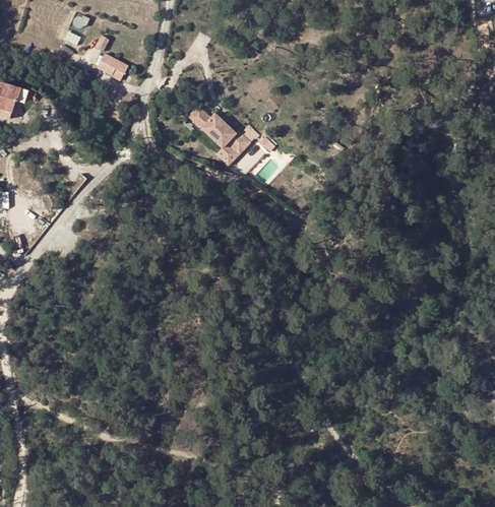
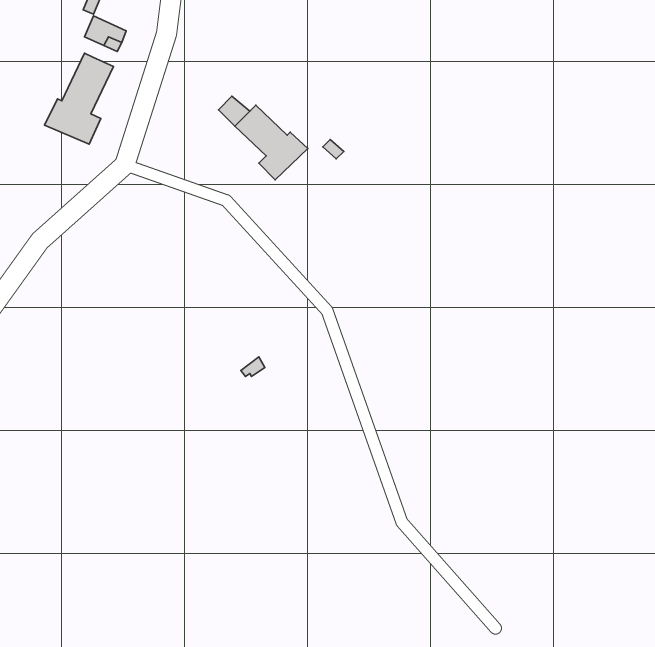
building: none -> [44,53,113,144]

